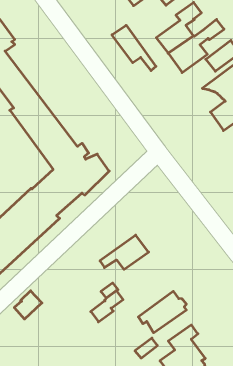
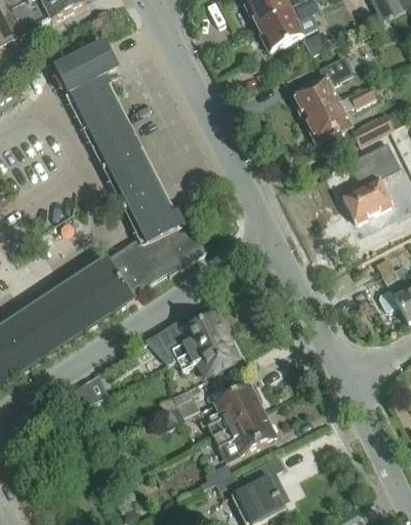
building: [112,25,156,71] -> none
building: none -> [148,308,227,361]
building: none -> [208,383,261,434]

